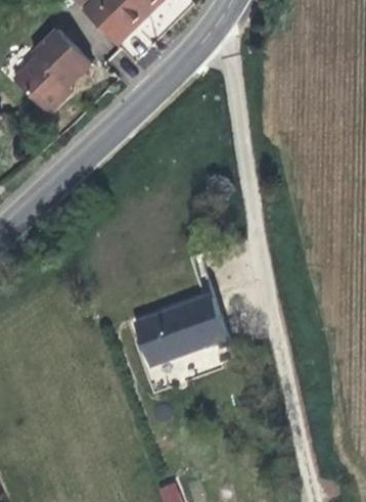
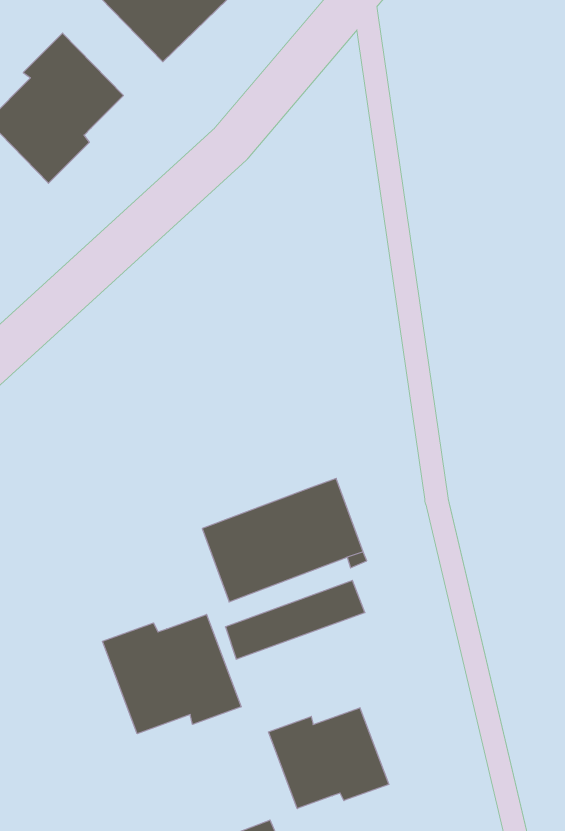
building: none -> [103,614,241,734]
building: none -> [268,708,389,809]

